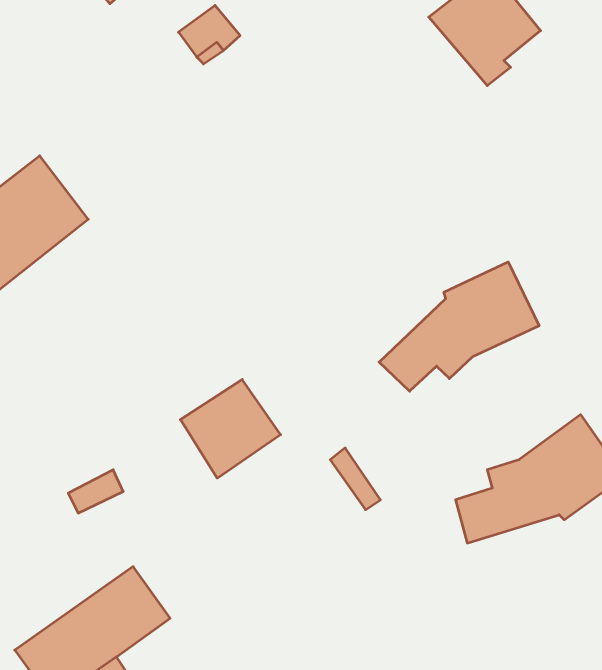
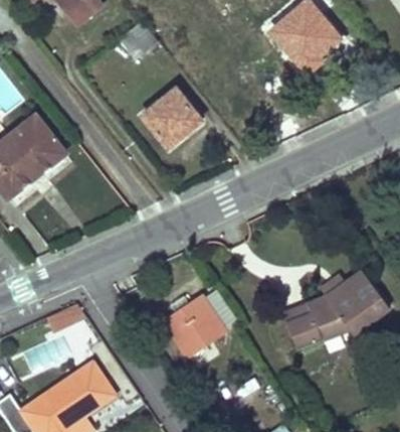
building: none -> [142,88,197,147]
building: [379,262,539,391] -> none
building: [180,379,281,478] -> [165,296,225,355]

